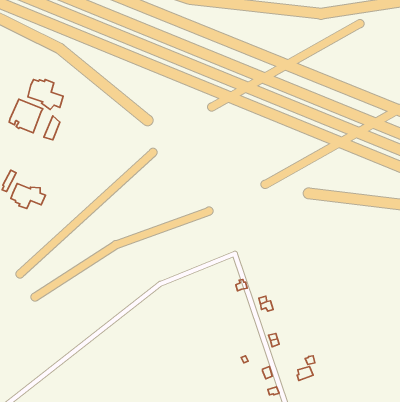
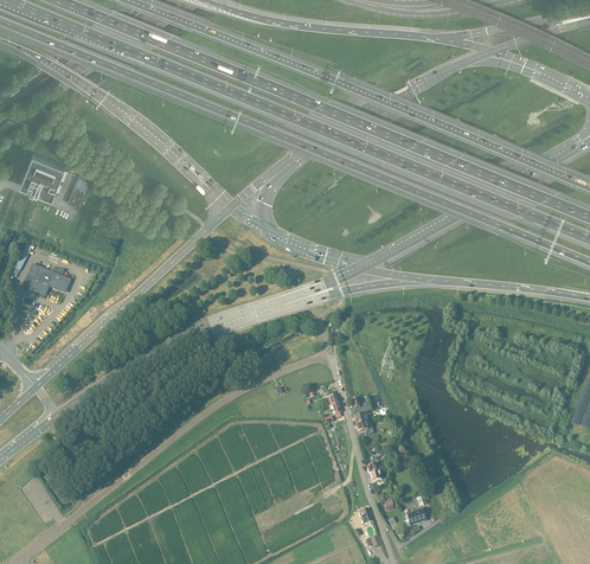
building: [28,79,63,110] -> none

